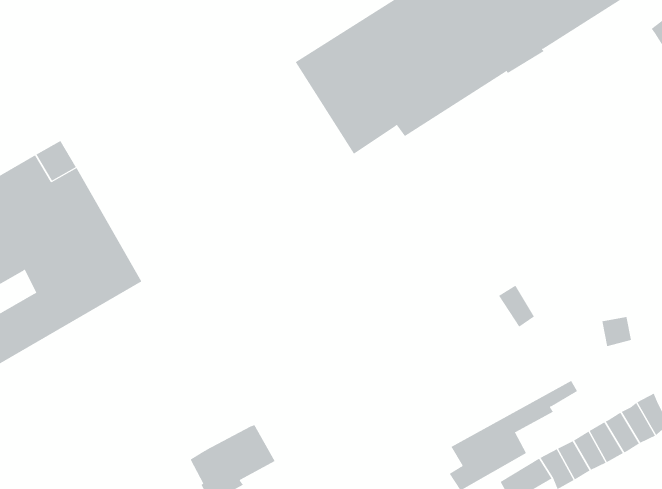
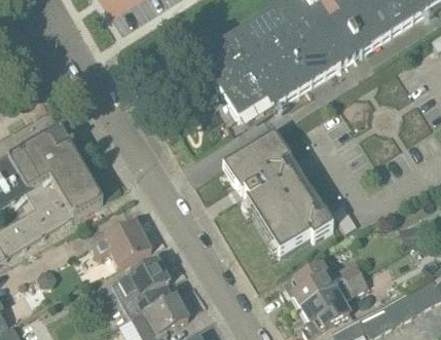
building: none -> [226,131,335,252]
building: none -> [93,220,153,267]
building: none -> [113,257,174,316]
building: none -> [281,258,381,307]

